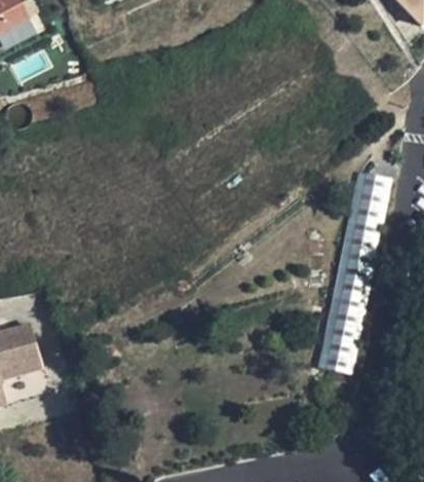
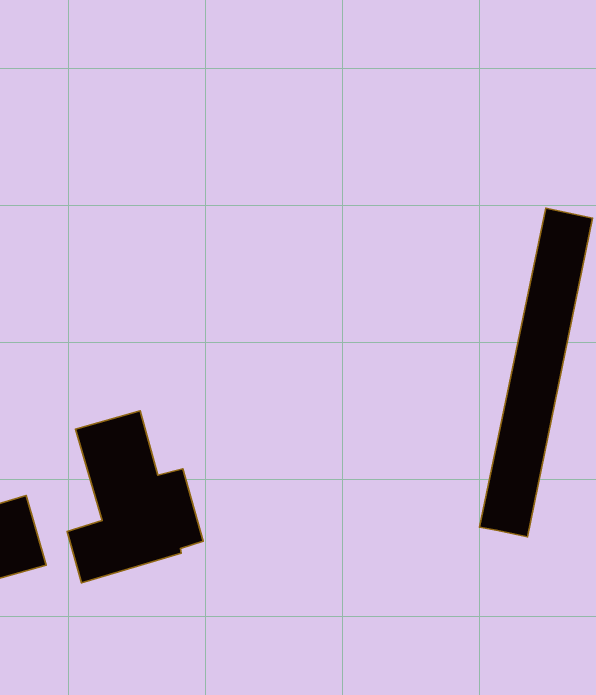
building: none -> [67,411,203,583]

